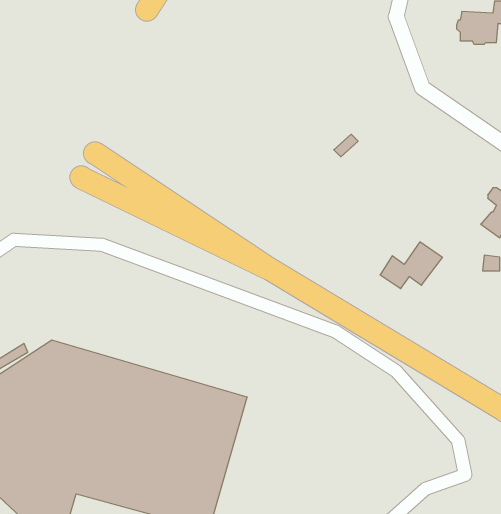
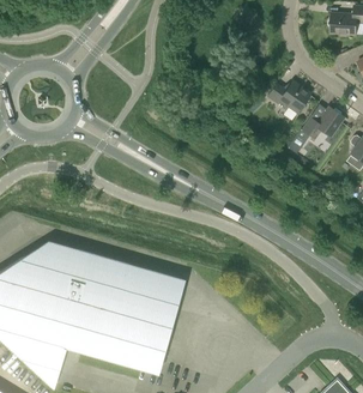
building: none -> [271,83,313,114]
building: [380,242,442,289] -> [303,108,346,140]

